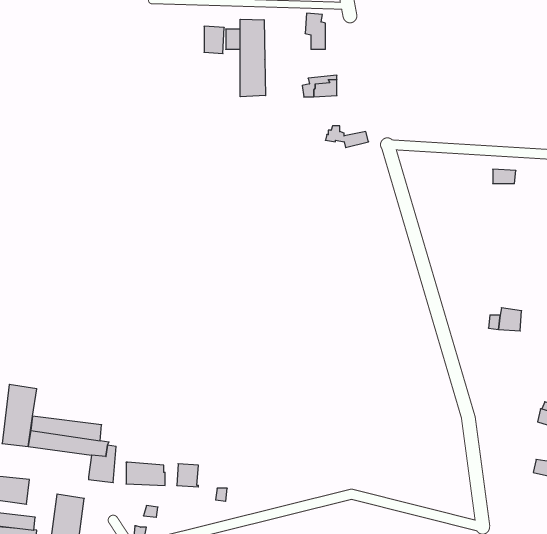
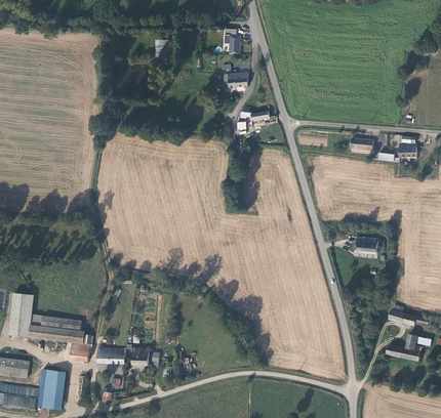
building: [240,19,266,97] -> none

